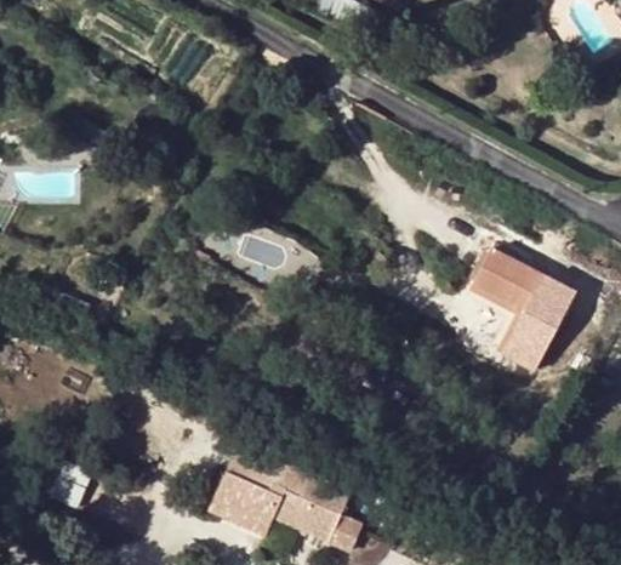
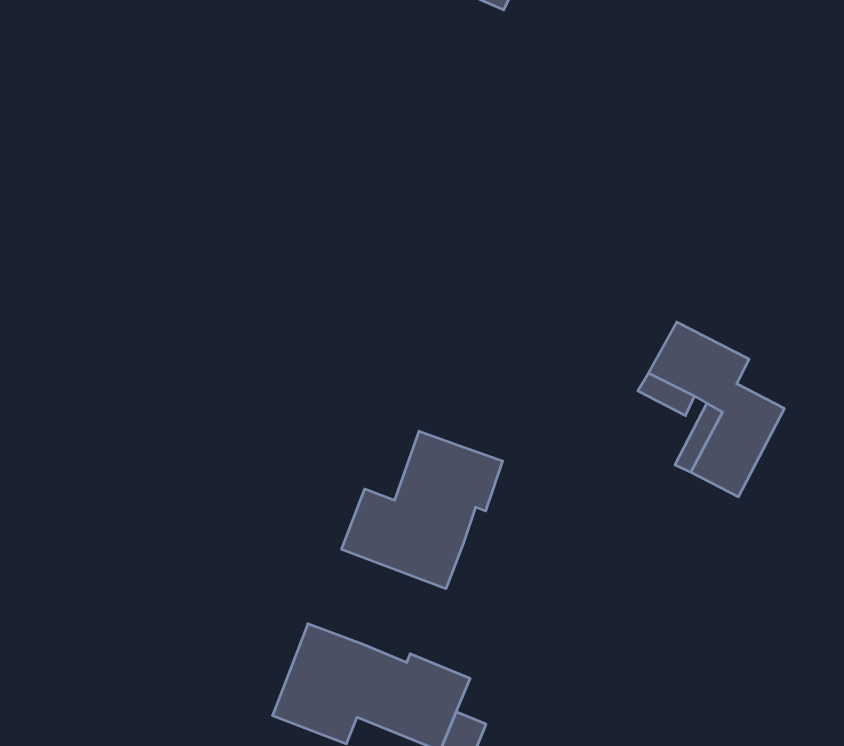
building: none -> [342,431,503,589]

